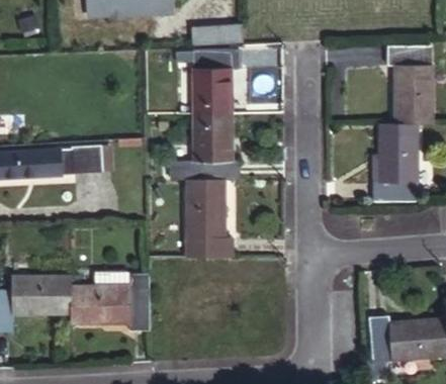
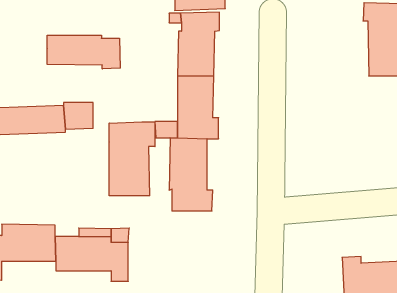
building: none -> [47,35,120,69]
building: [374,116,419,200] -> none
building: none -> [109,122,155,196]

